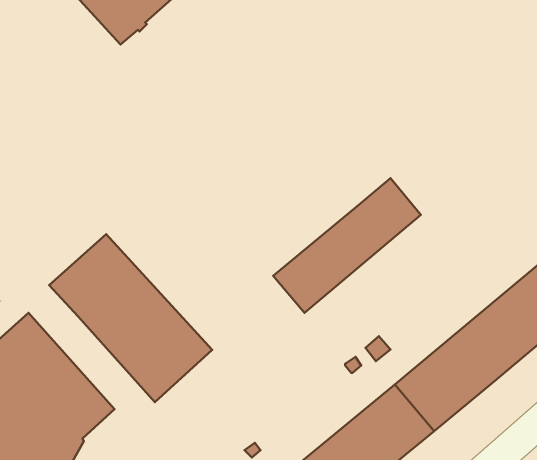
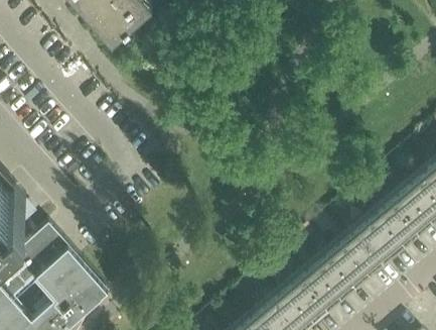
building: [273,178,421,313] -> none
building: [49,234,212,402] -> none

